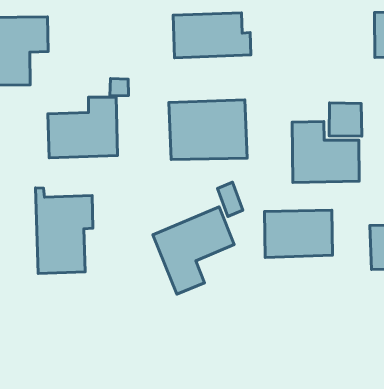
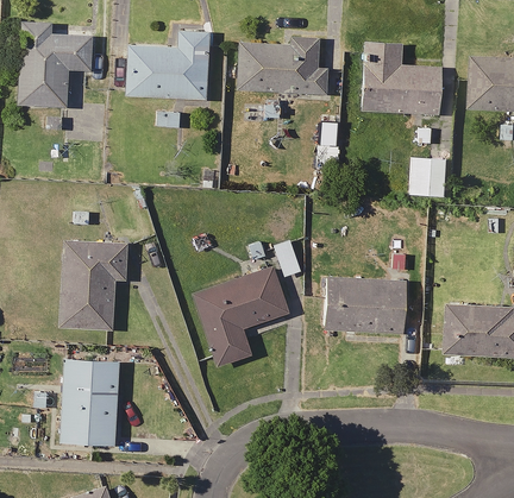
building: [48,97,118,158] -> [126,30,209,100]
building: [169,100,247,160] -> none
building: [292,122,359,182] -> [361,40,441,115]
building: none -> [45,346,120,445]

